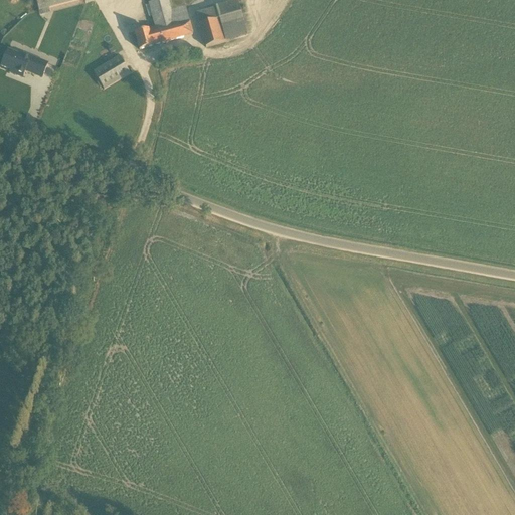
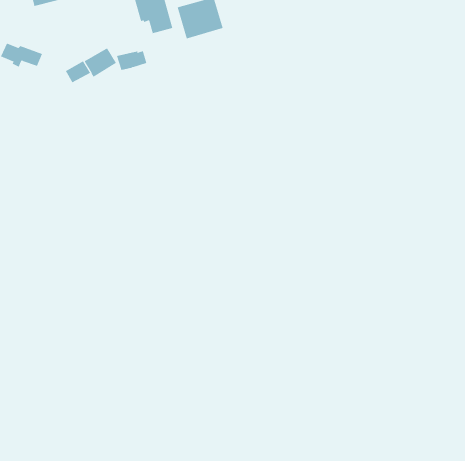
building: [134,23,168,45] -> [116,50,147,70]
building: none -> [65,61,91,83]

